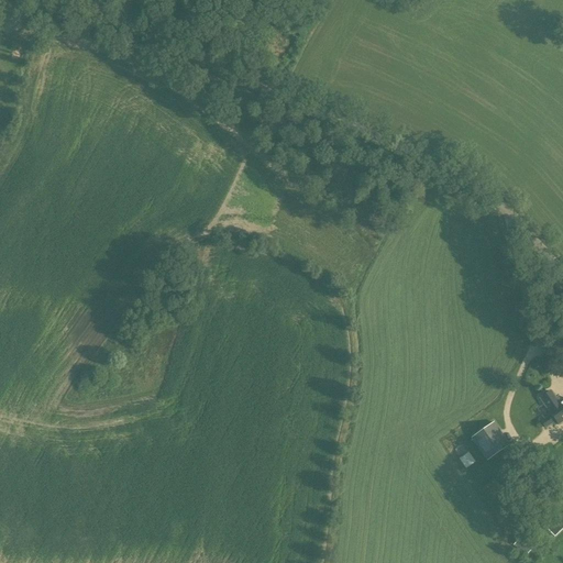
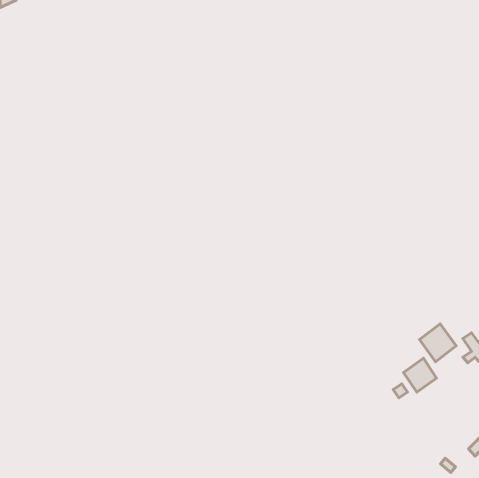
building: none -> [420,324,456,362]

